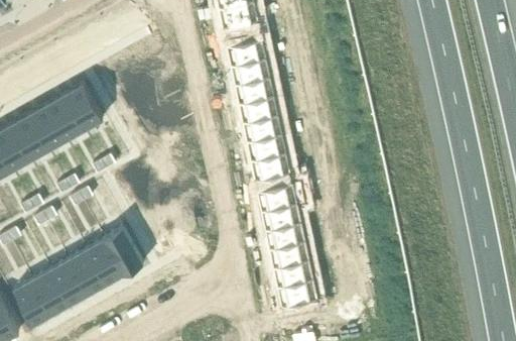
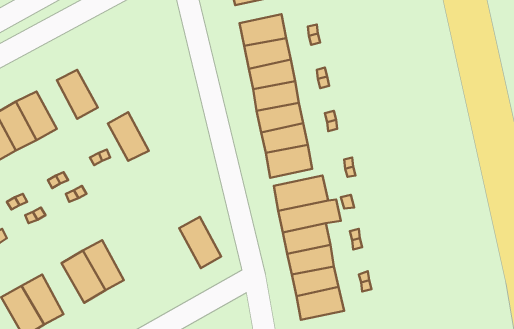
building: [45,98,82,141] -> [108,112,149,161]
building: [104,230,141,275] -> [179,217,221,268]
building: [50,260,88,306] -> none

